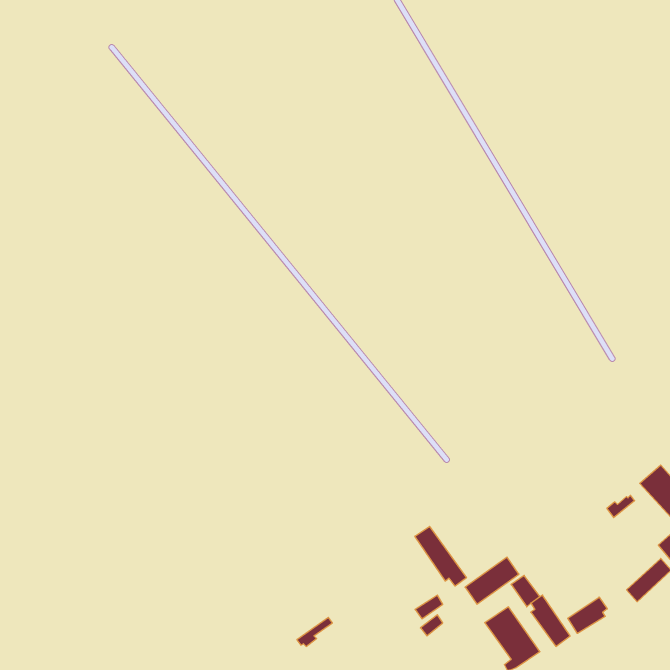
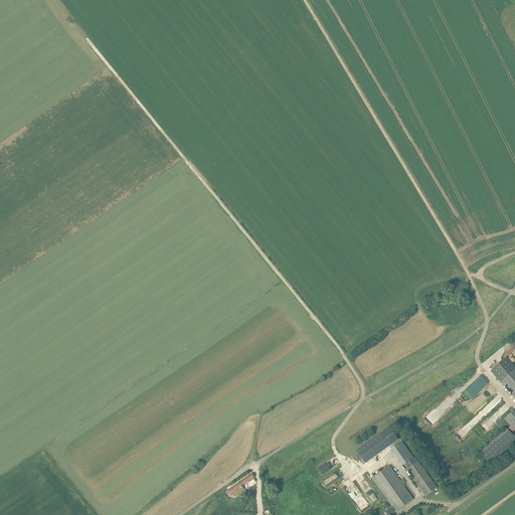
building: [415,526,466,586] -> none
building: [568,597,607,633] -> none

